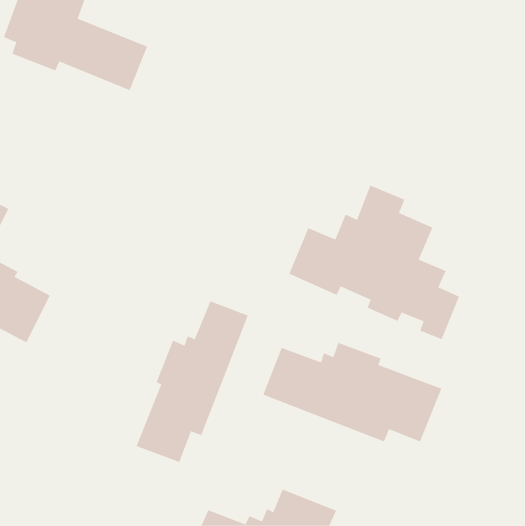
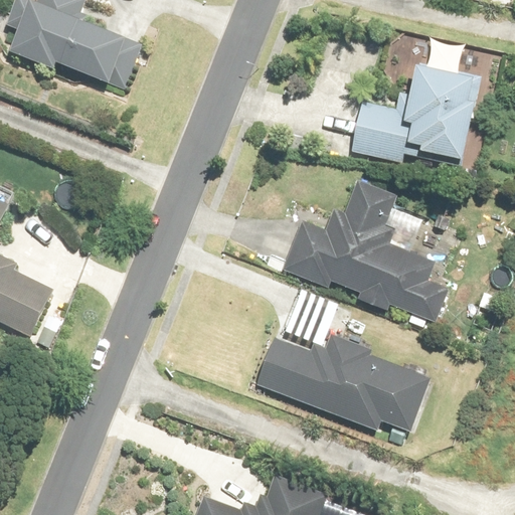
building: none -> [353,42,480,166]
building: [136,300,248,463] -> none

